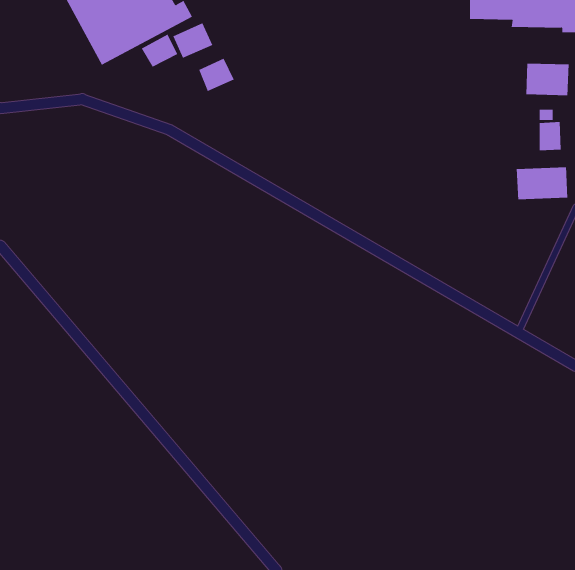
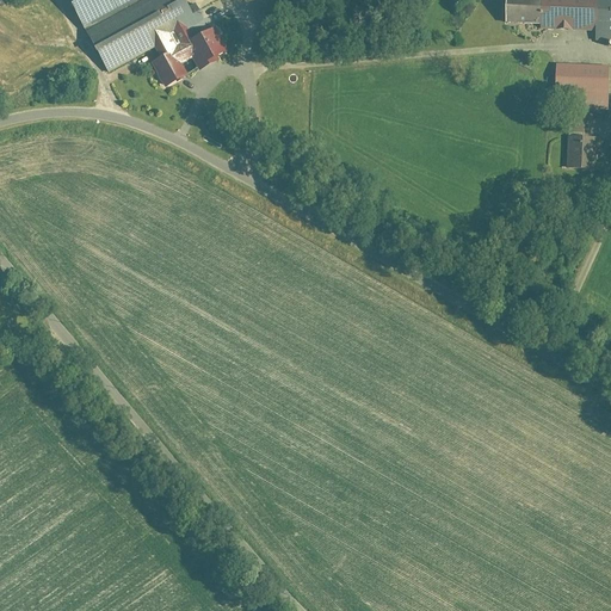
building: [198,58,234,92] -> none
building: [516,167,568,200] -> none

